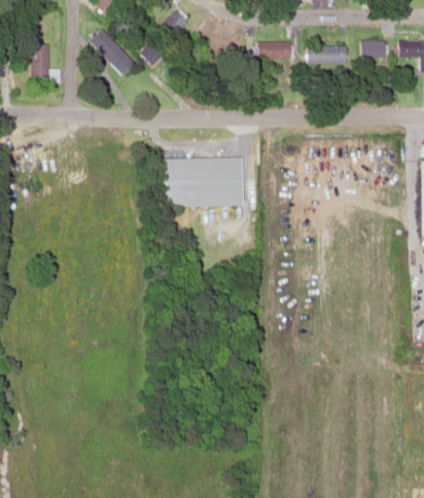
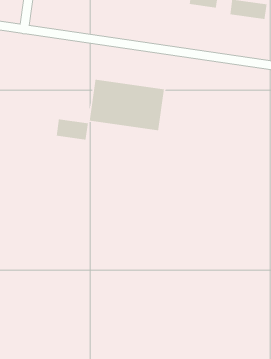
building: none -> [56,118,89,140]

